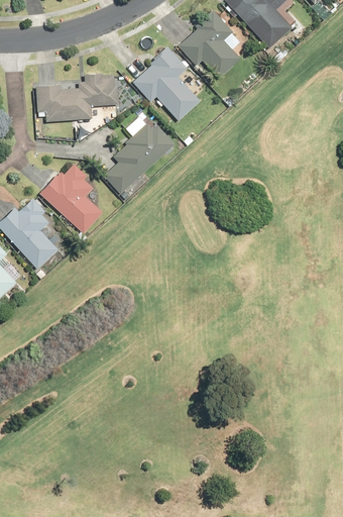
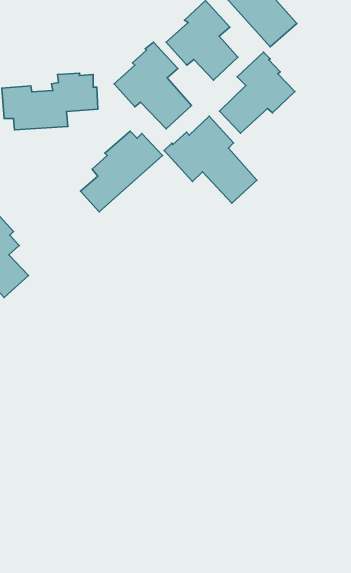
building: none -> [220,52,295,133]
building: none -> [164,116,257,203]
building: [38,164,102,233] -> none

